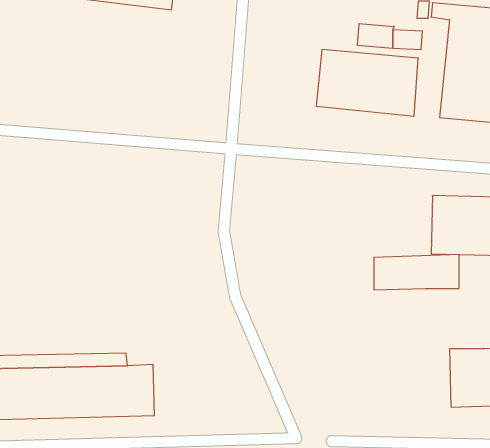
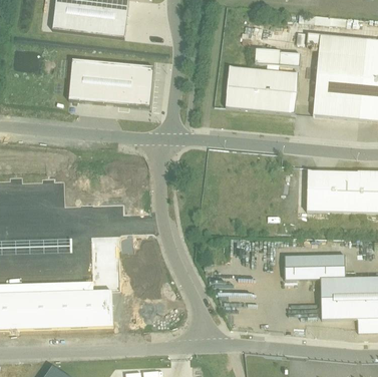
building: none -> [66,59,151,106]
building: [374,255,459,290] -> [285,254,345,279]

